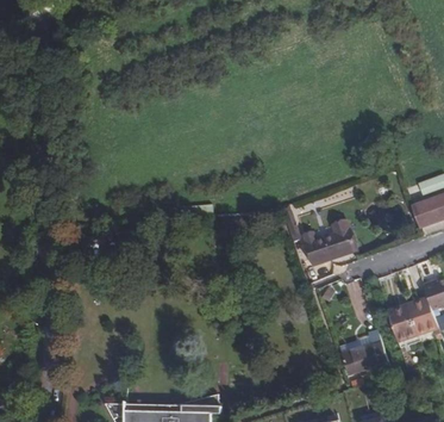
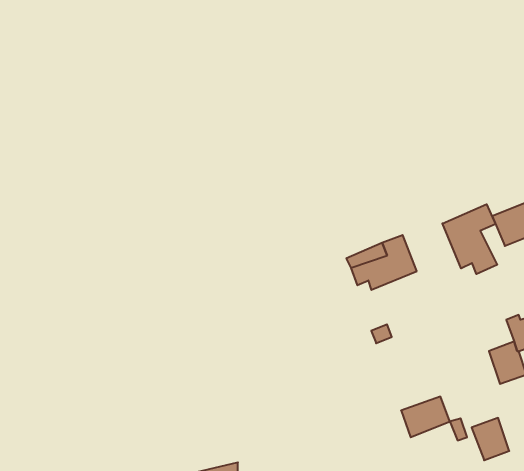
building: none -> [442,204,497,274]
building: [387,309,415,341] -> [472,418,509,460]

